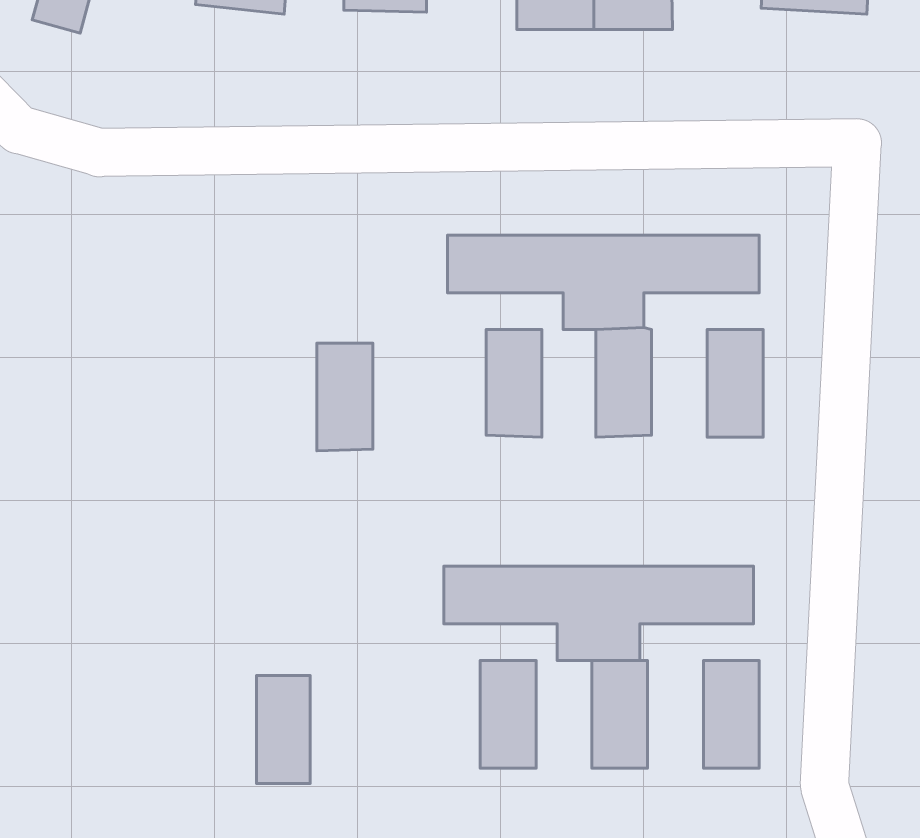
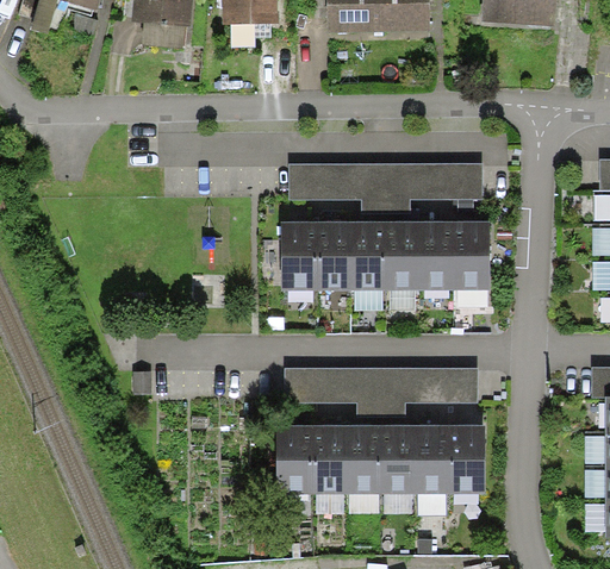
building: none -> [348,221,381,288]
building: none -> [416,221,450,288]
building: [317,343,373,451] -> [279,221,313,288]
building: none -> [344,426,379,493]
building: none -> [413,426,448,493]
building: [256,676,310,783] -> [276,426,310,493]

